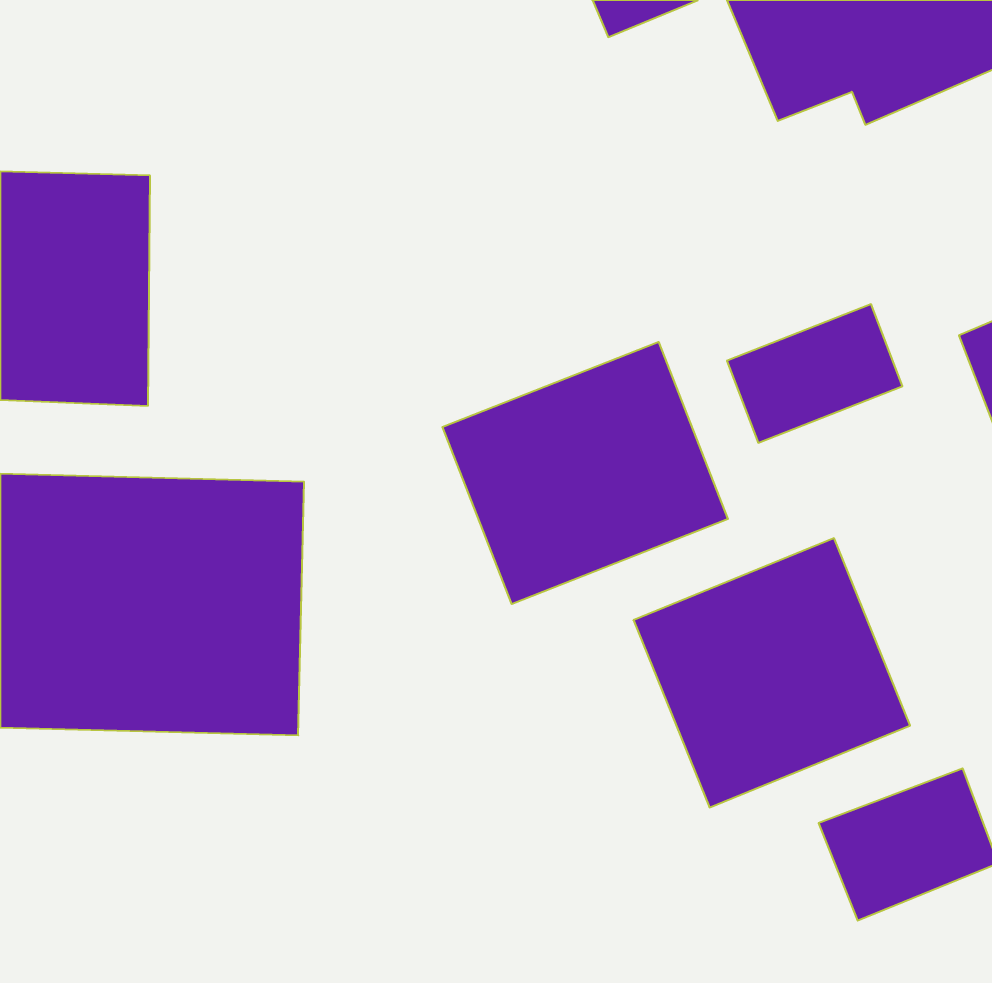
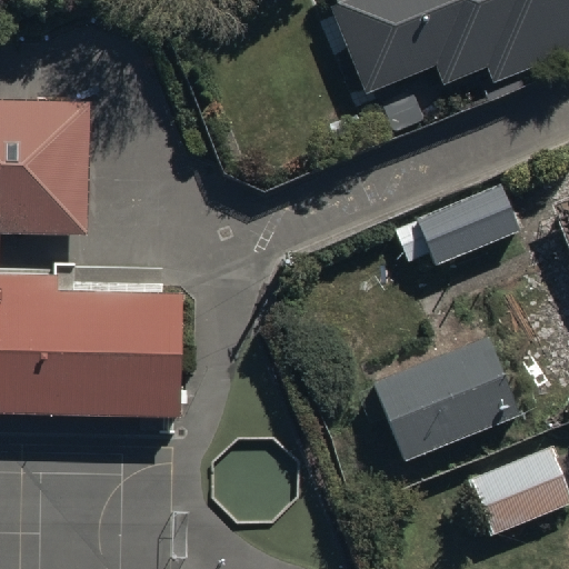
building: [442,342,728,604] -> none

